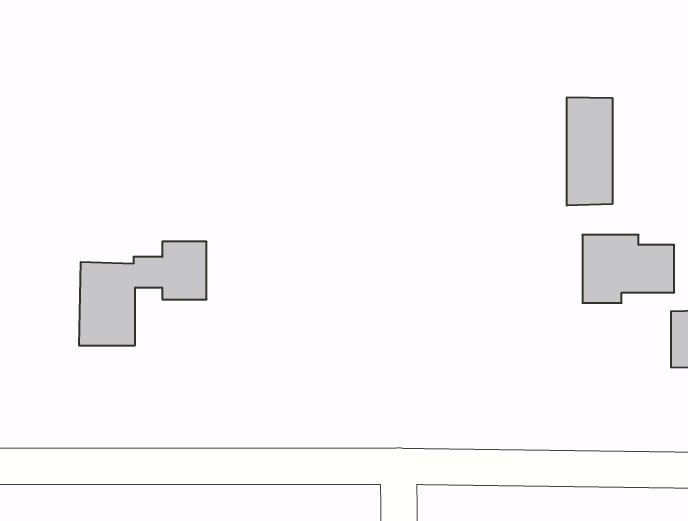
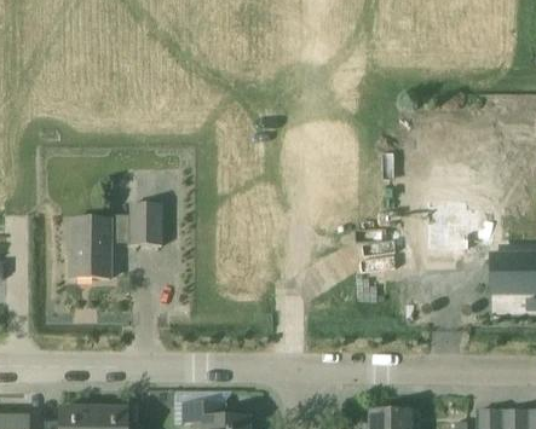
building: [567,97,612,206] -> none

